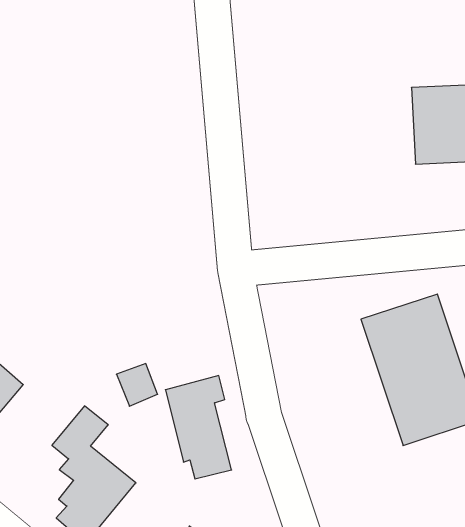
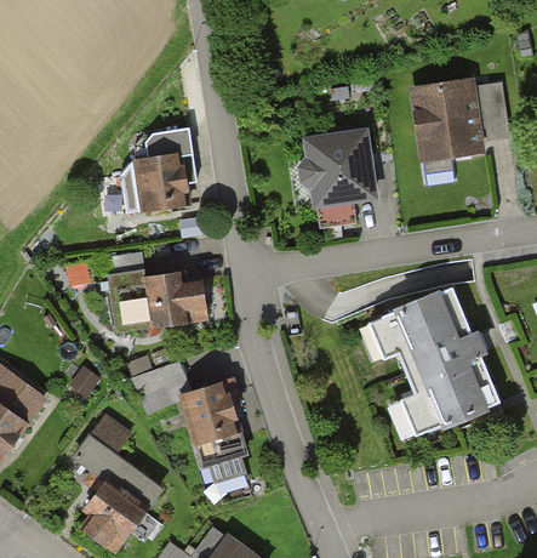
building: none -> [127,127,190,218]
building: none -> [293,130,376,230]
building: none -> [108,271,206,334]

